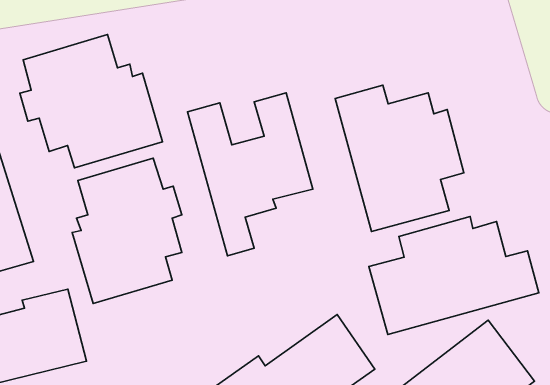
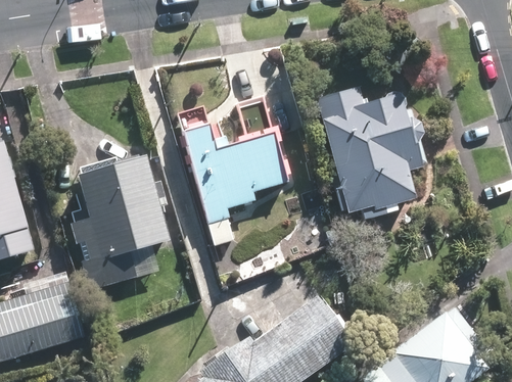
building: [20,35,163,168] -> none
building: [369,216,539,334] -> none

